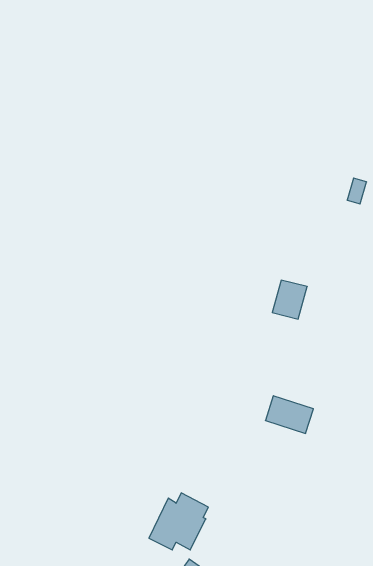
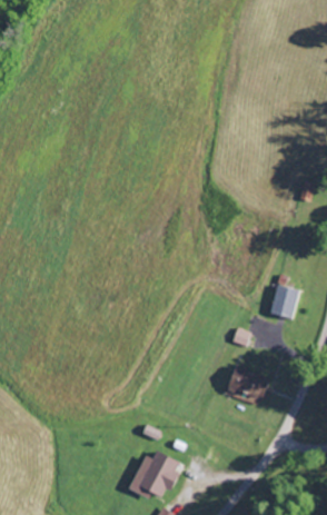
building: [272,280,307,319] -> [269,285,299,318]

